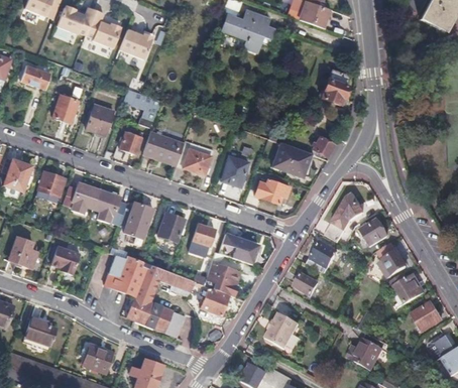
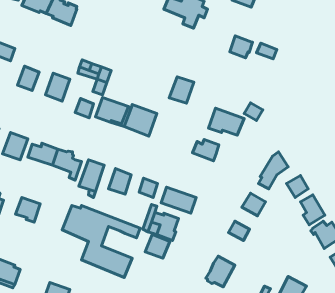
building: [120,29,153,59] -> none
building: [322,80,348,105] -> [230,36,253,58]
building: [220,156,248,186] -> [169,77,194,103]

